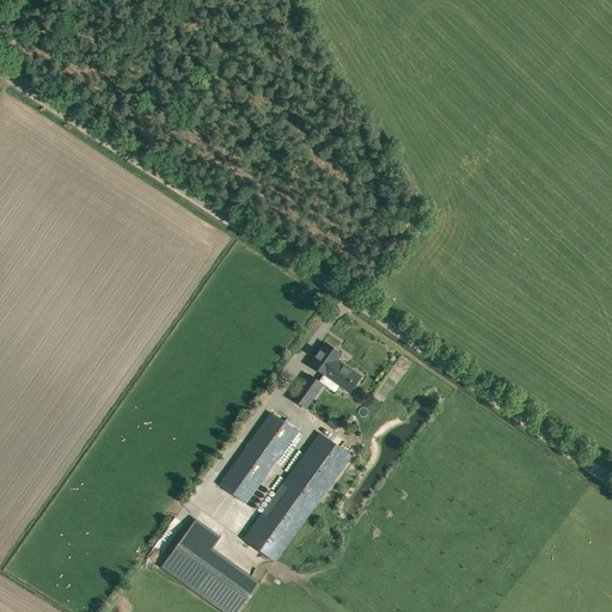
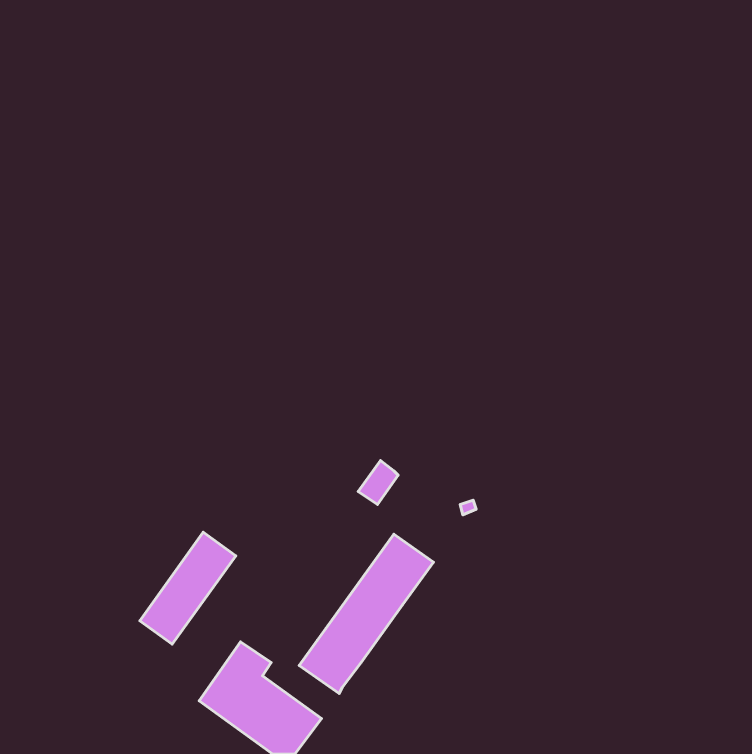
building: [311,343,361,392] -> none
building: [220,412,298,503] -> [140,532,236,644]

